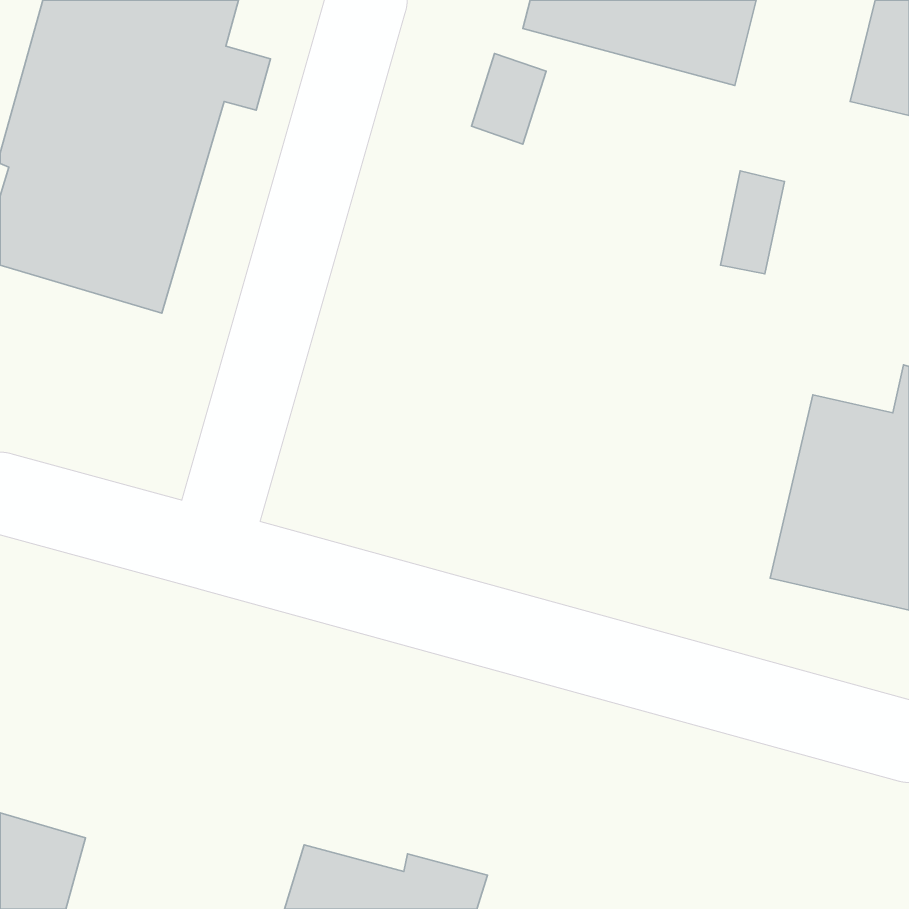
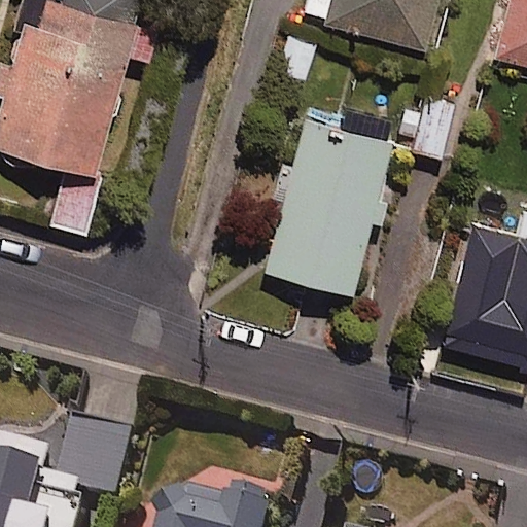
building: none -> [265,101,397,297]
building: none -> [62,420,138,502]

